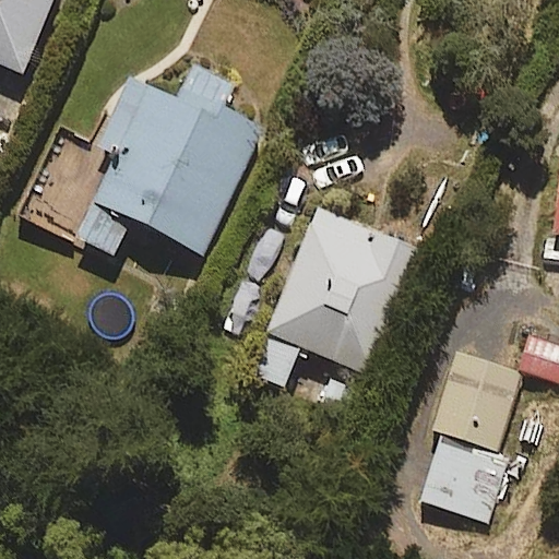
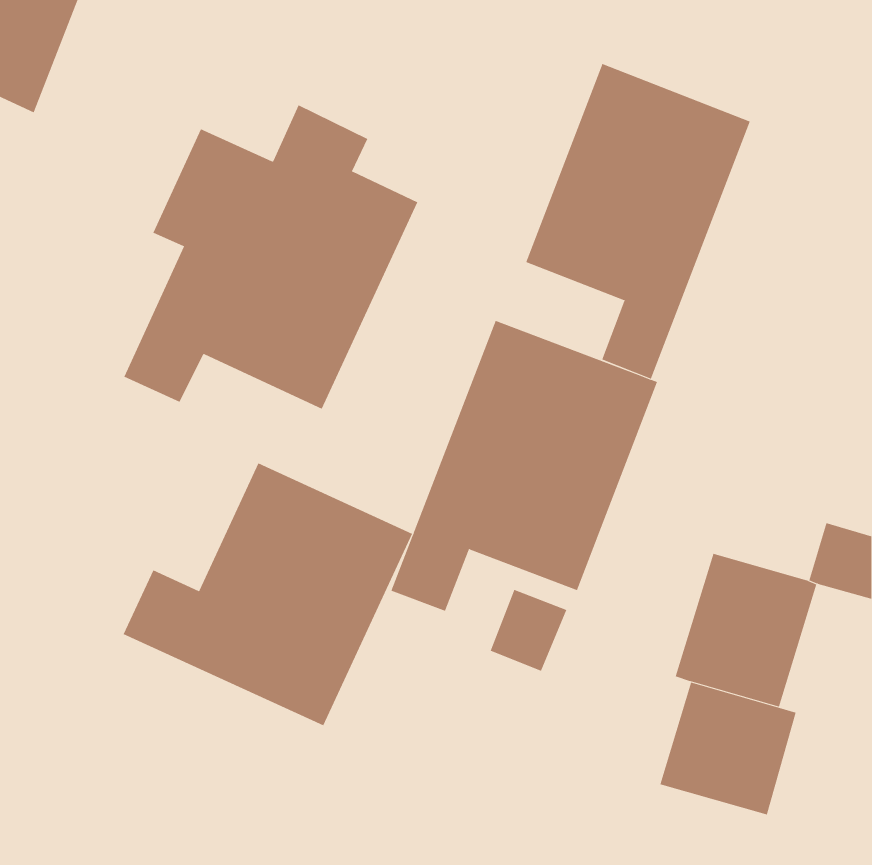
building: none -> [525,63,751,379]
building: none -> [123,462,413,726]

